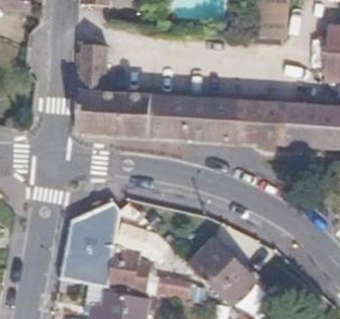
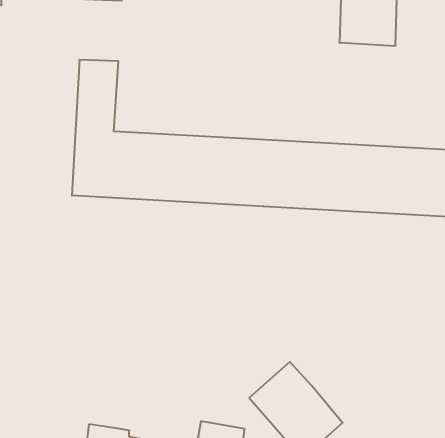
building: [59,197,139,286] -> none

